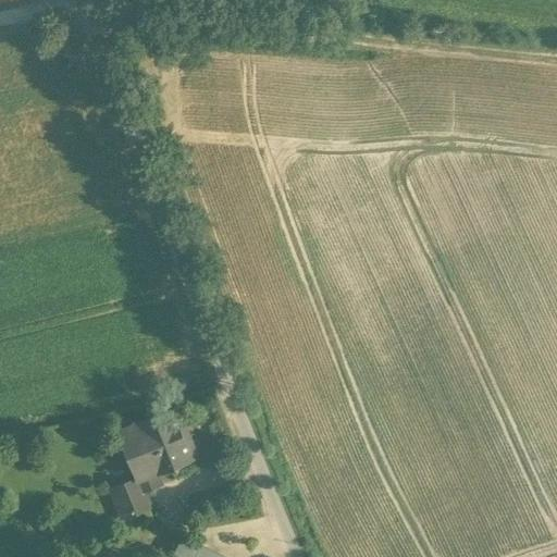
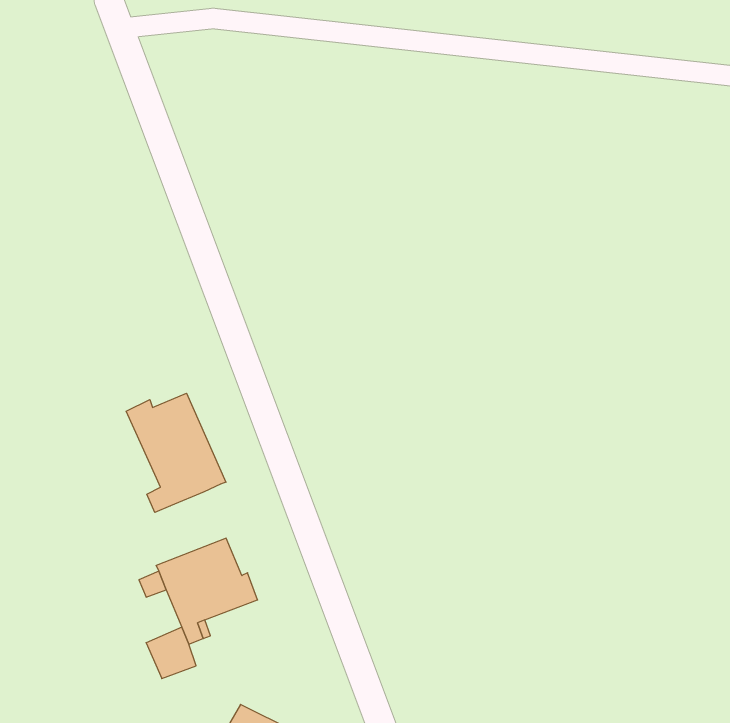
building: none -> [126,393,226,512]

